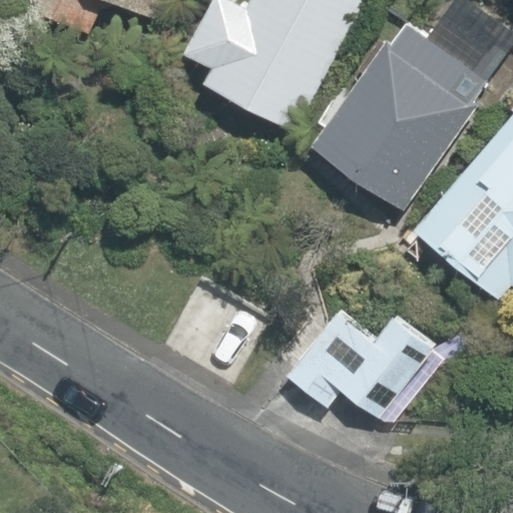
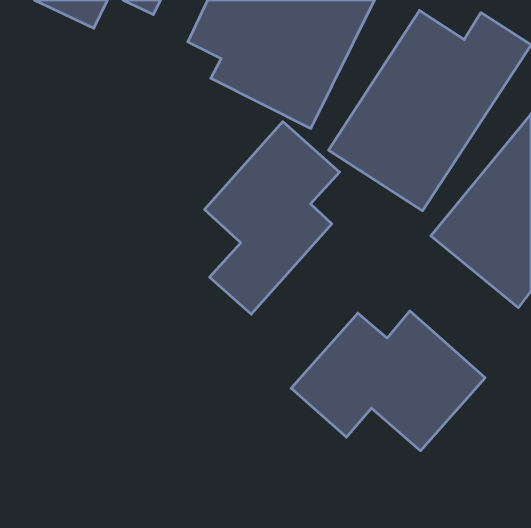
building: none -> [205,122,340,314]

